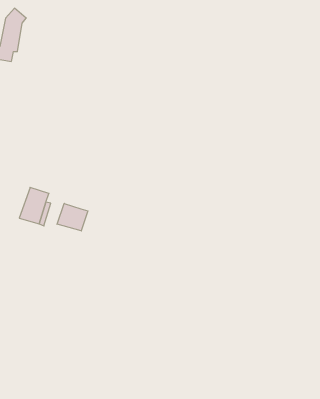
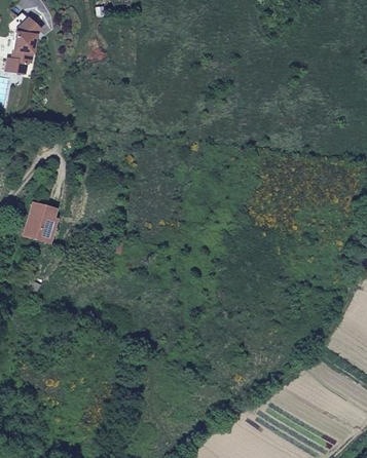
building: [57,203,88,231] -> none

